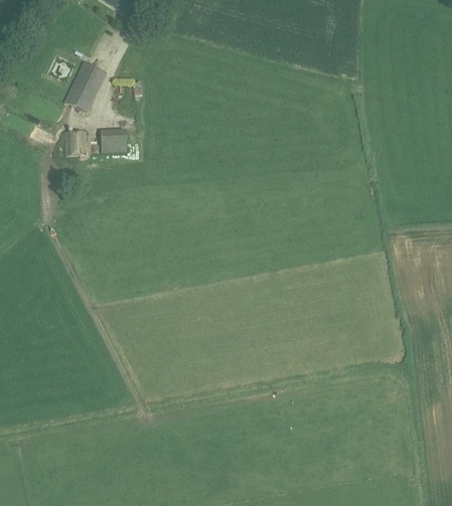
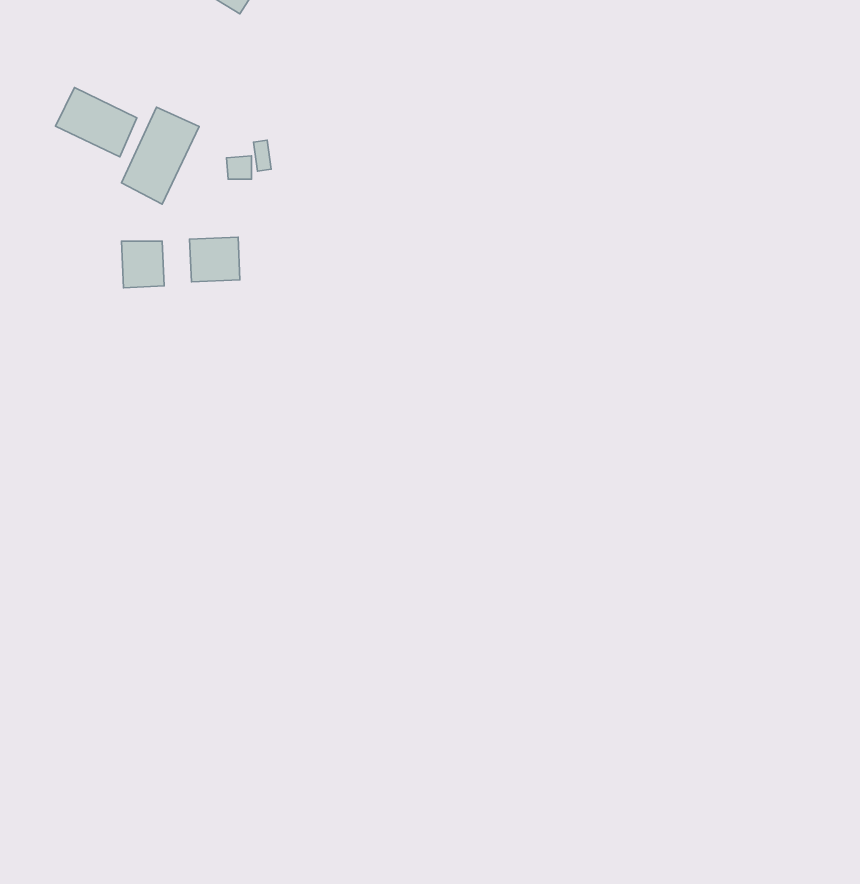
building: none -> [55,87,137,157]

